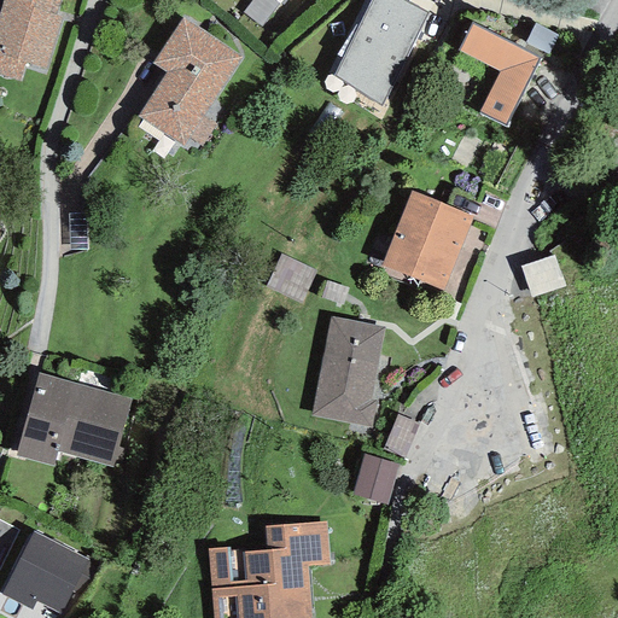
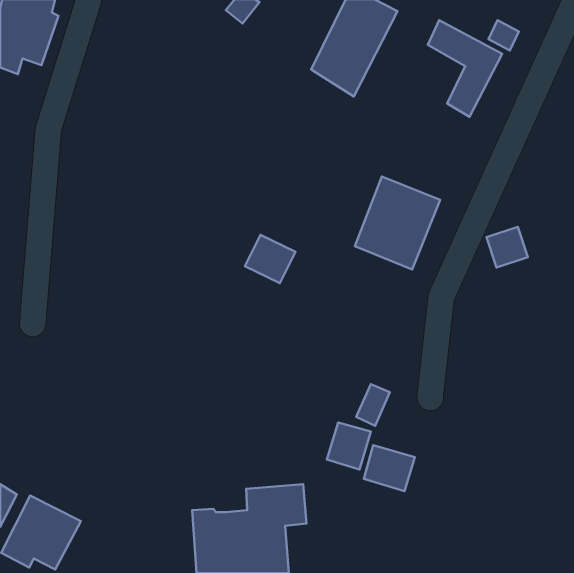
building: [135,17,243,147] -> none
building: [313,316,384,426] -> none
building: [16,373,132,466] -> none
building: none -> [364,445,415,491]

